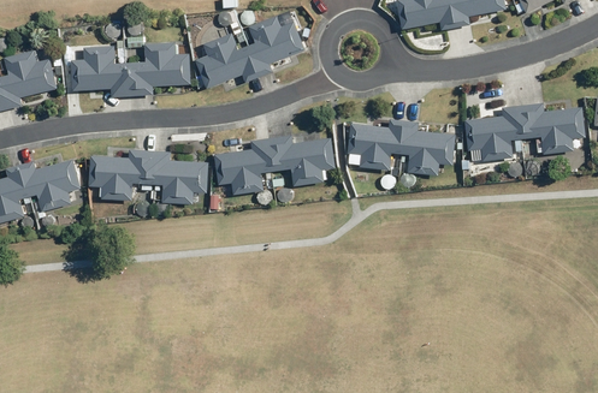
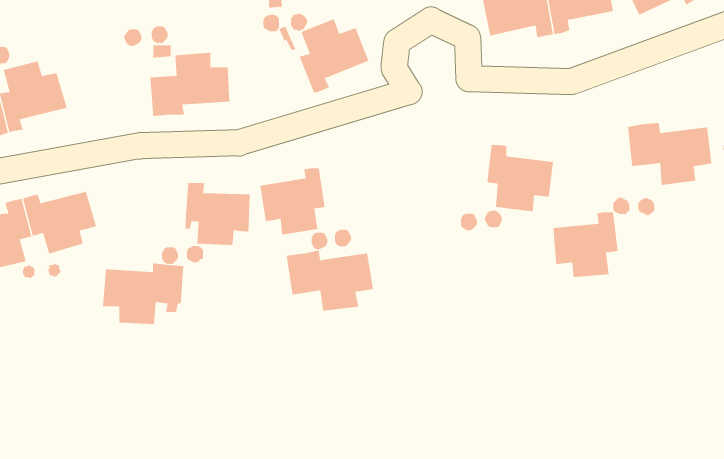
building: [194,34,259,90] -> none
building: [71,46,126,97] -> none
building: [466,105,520,159] -> [552,212,618,278]
building: [348,117,404,168] -> none
building: [264,133,336,184] -> [286,250,374,311]
building: [88,148,155,198] -> [102,263,184,324]

